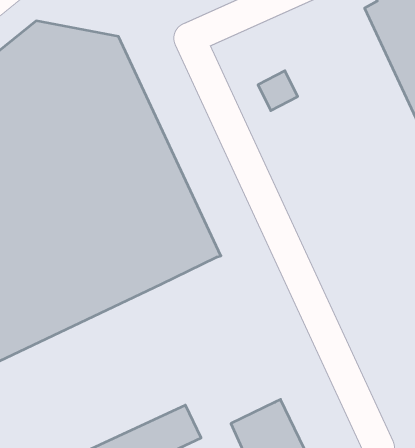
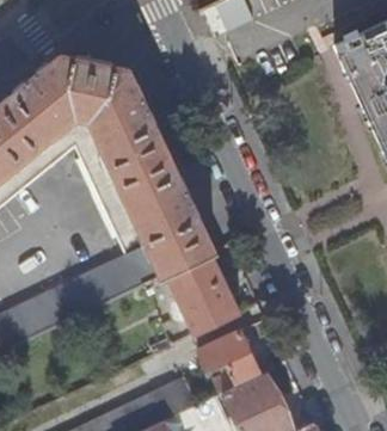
building: none -> [165,253,240,334]
building: none -> [198,331,260,394]

